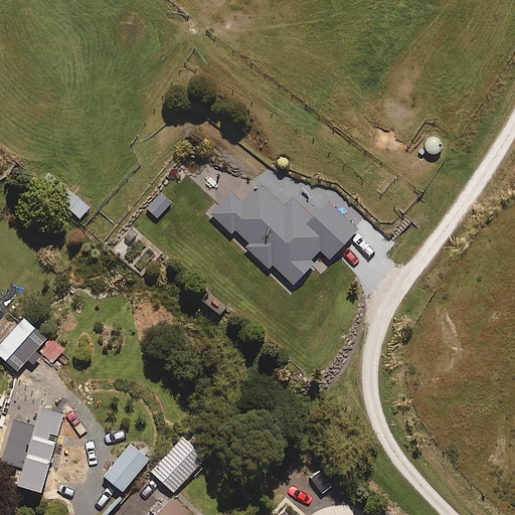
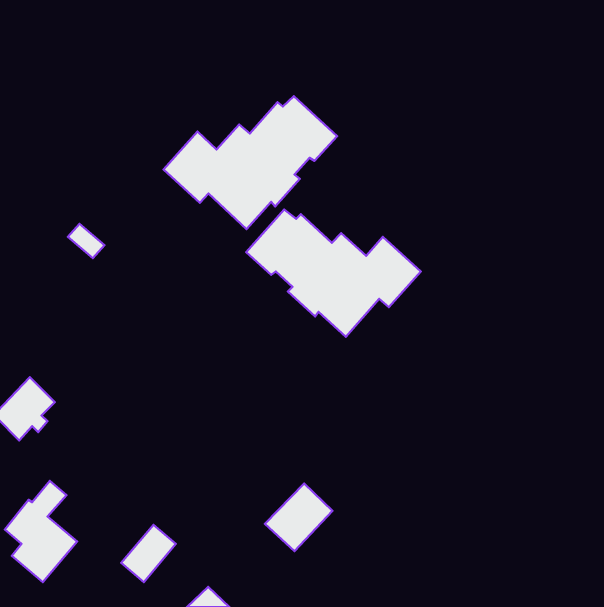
building: none -> [163,96,337,229]
building: [148,436,205,493] -> [265,483,333,551]

